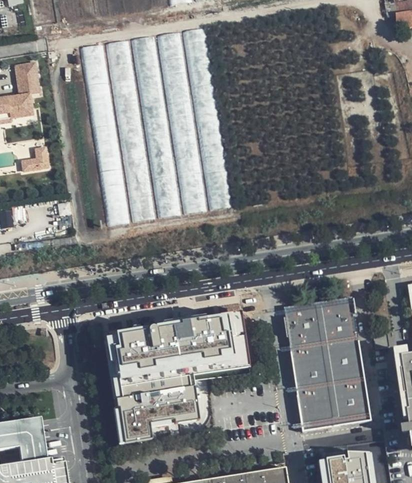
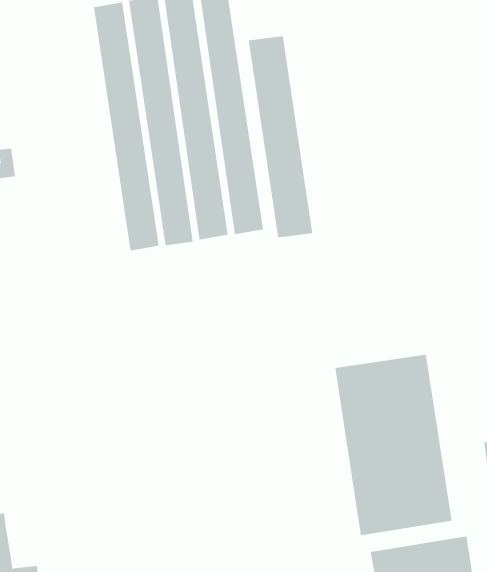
building: [81,43,130,228] -> none
building: none -> [248,35,313,238]
building: [104,315,249,444] -> none

